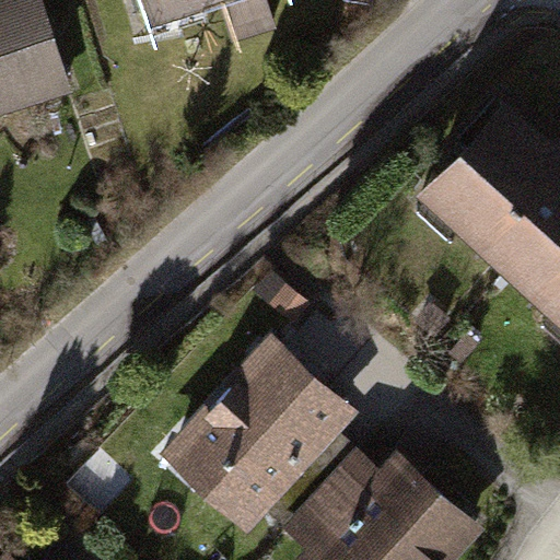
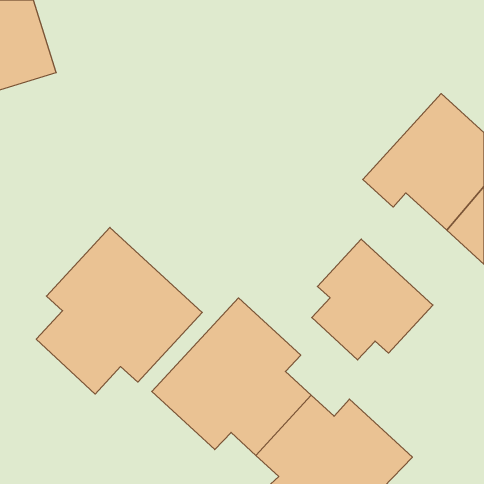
building: none -> [36,227,202,394]
building: none -> [312,239,433,360]

